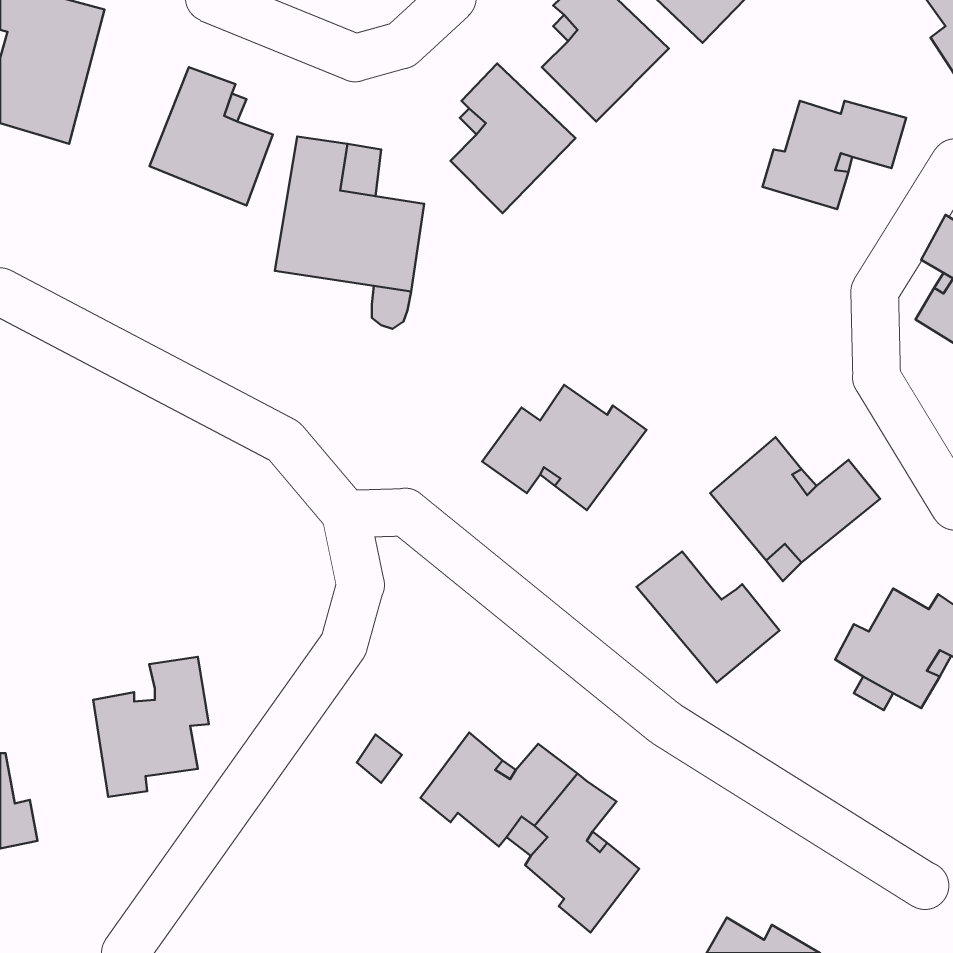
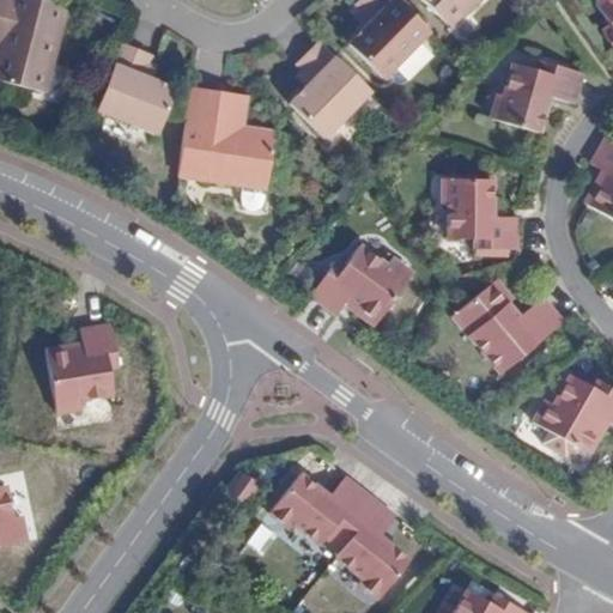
building: none -> [442,180,520,249]
building: [636,551,779,683] -> none
building: [93,657,209,797] -> [45,321,120,411]

